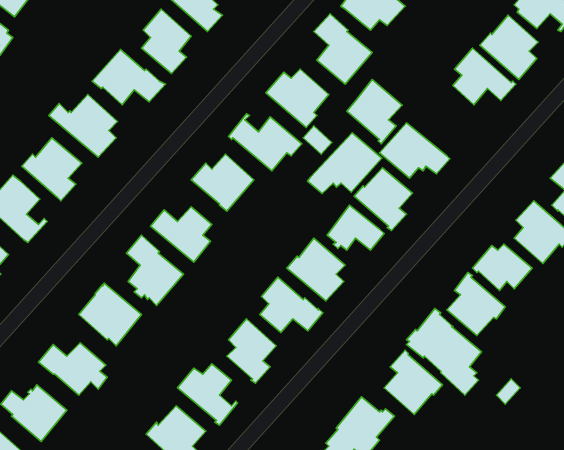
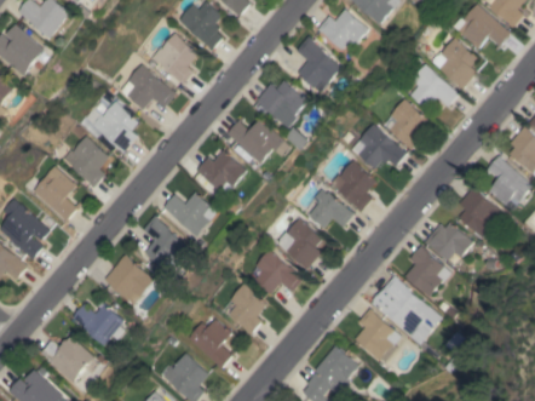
building: [347,80,402,144] -> [382,99,427,151]
building: [307,133,382,194] -> none

